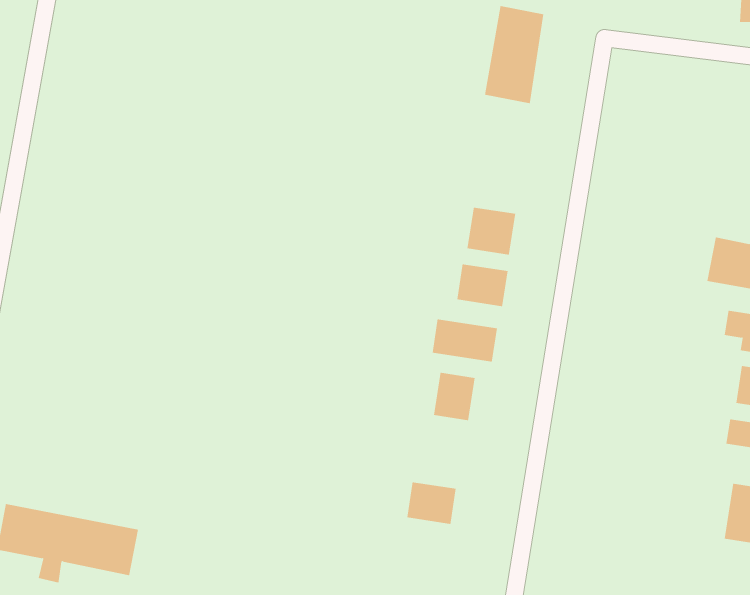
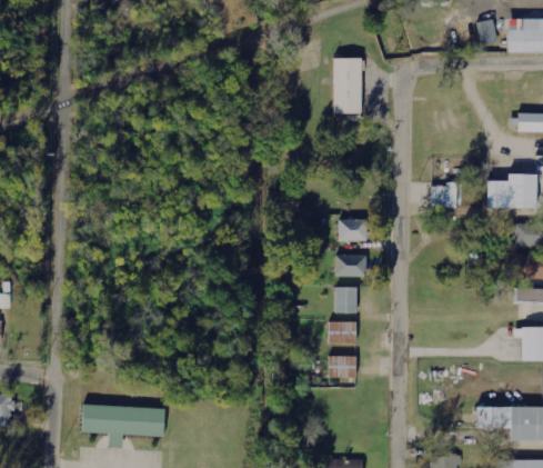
building: [467,207,516,255] -> none
building: none -> [430,182,455,208]
building: none -> [326,321,355,342]

